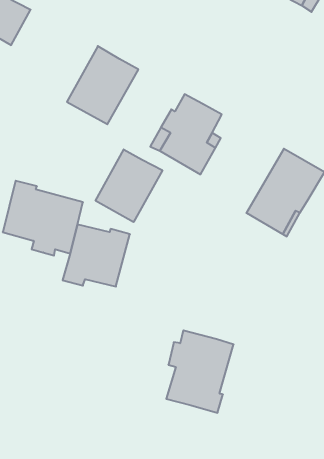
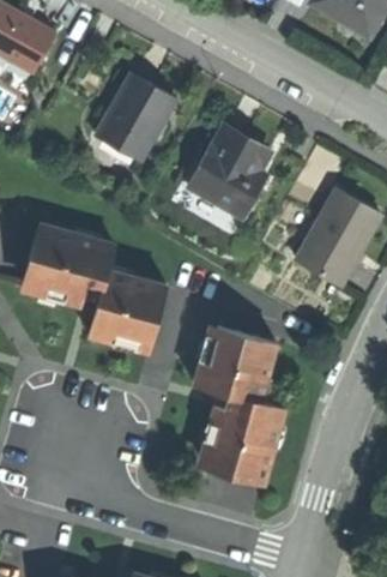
building: [96,149,162,222] -> none
building: none -> [194,329,274,402]

